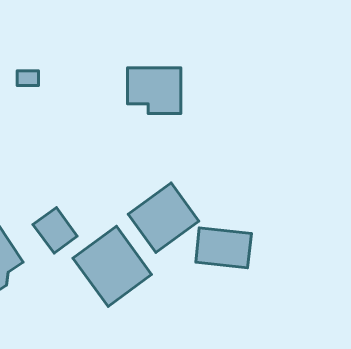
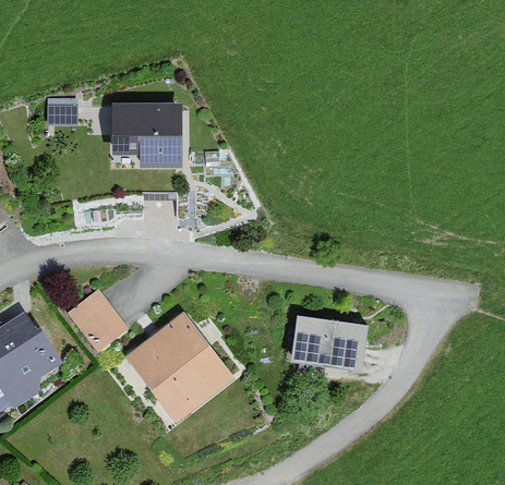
building: [128,68,181,114] -> [109,104,180,165]
building: [128,183,199,252] -> none

